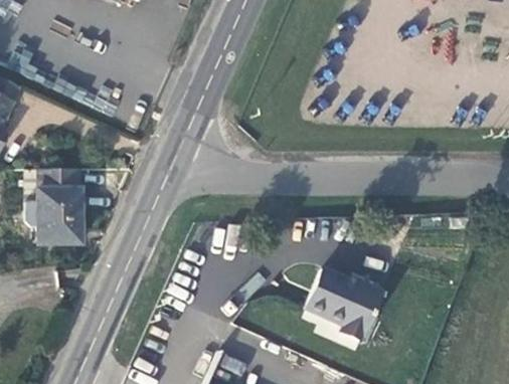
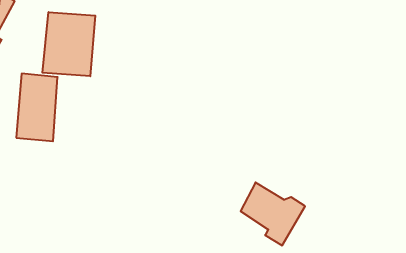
building: none -> [42,12,95,76]

